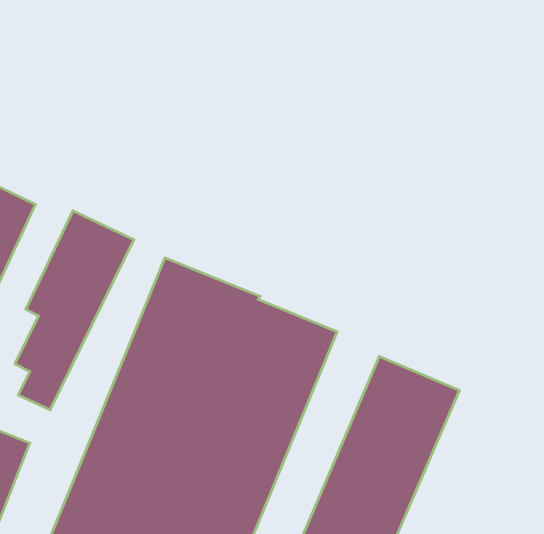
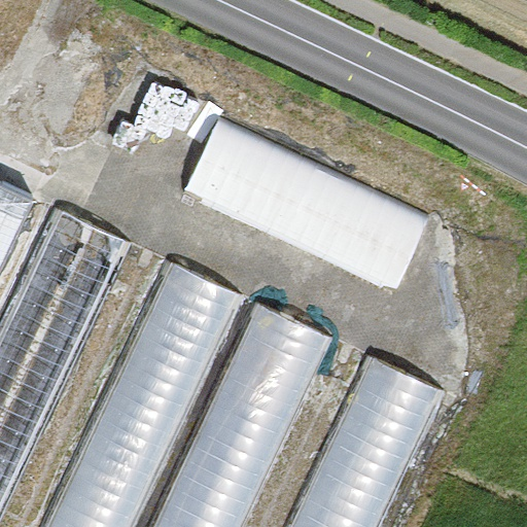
building: none -> [185,119,432,293]

